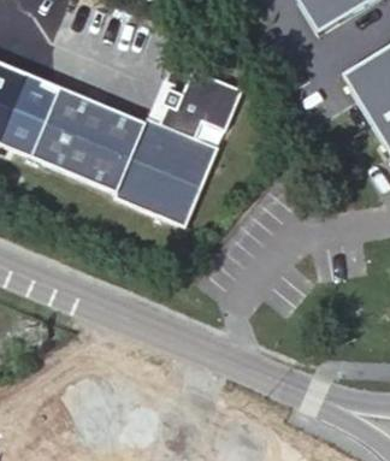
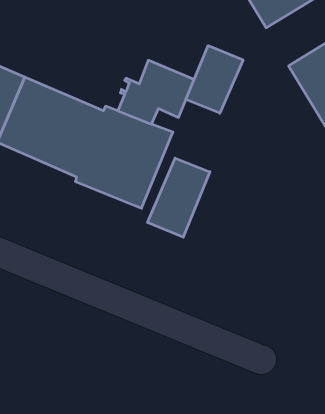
building: none -> [186,46,243,113]
building: none -> [148,158,210,237]

